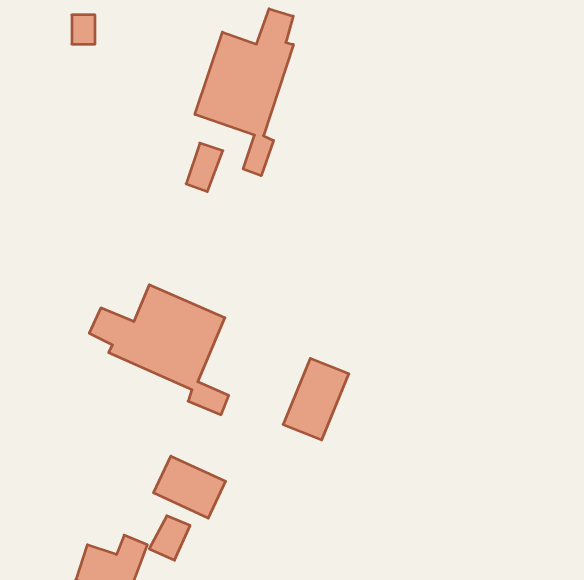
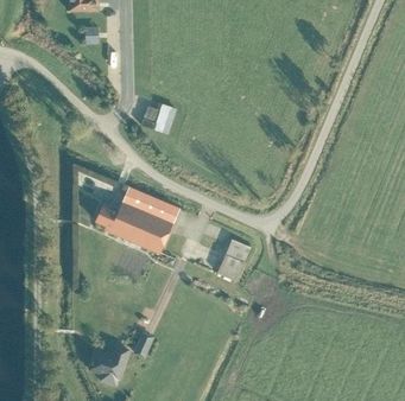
building: [195,9,293,176] -> none
building: [154,456,226,518] -> none

